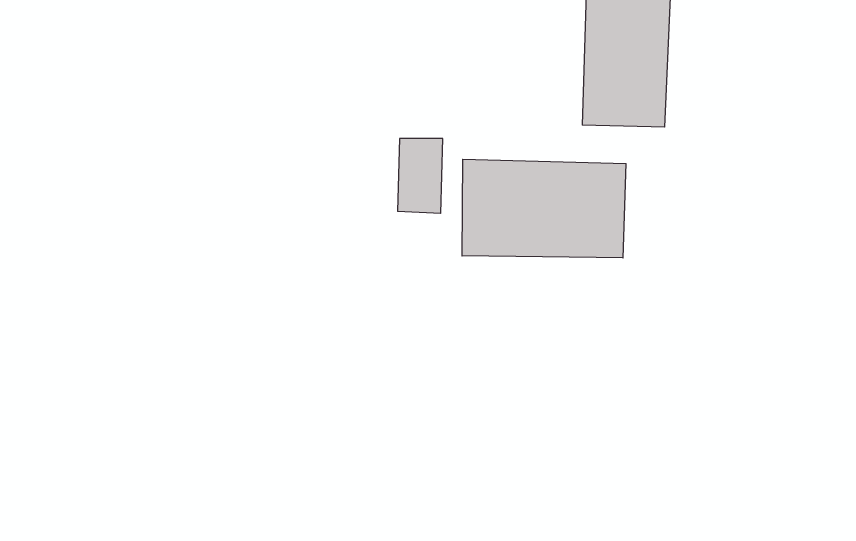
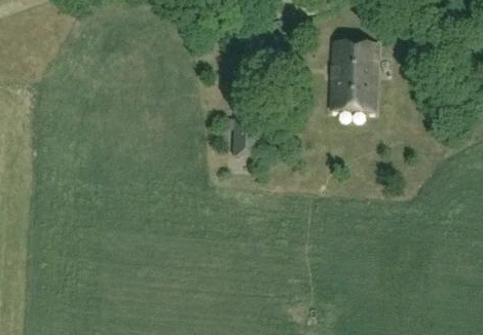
building: [462,159,626,258] -> none

